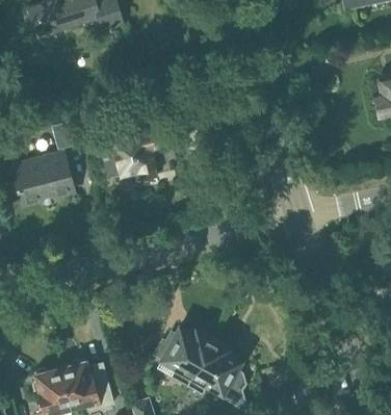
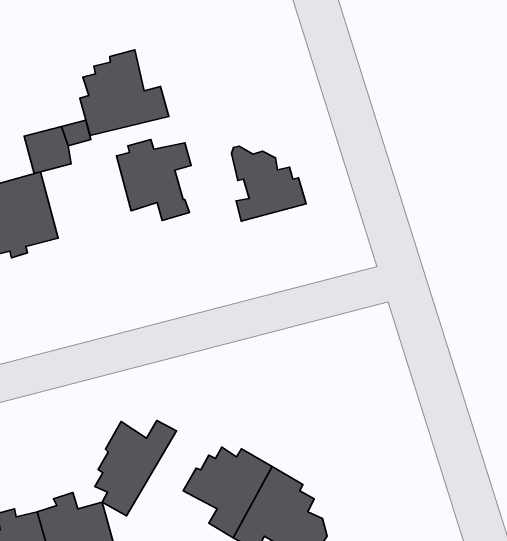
building: none -> [80,50,169,135]
building: none -> [232,146,306,221]
building: none -> [95,421,177,516]

